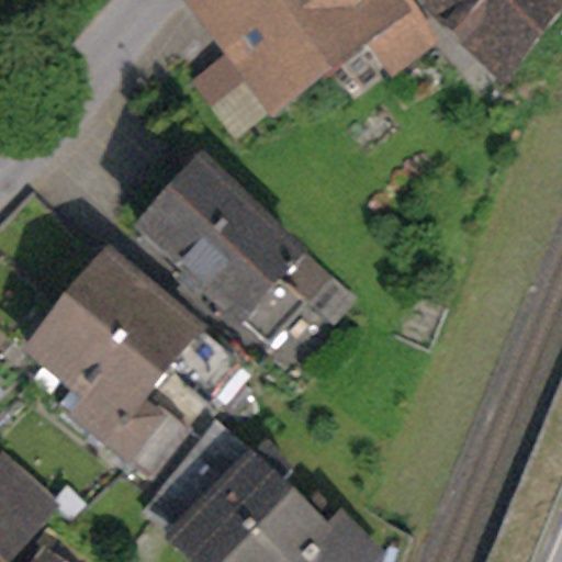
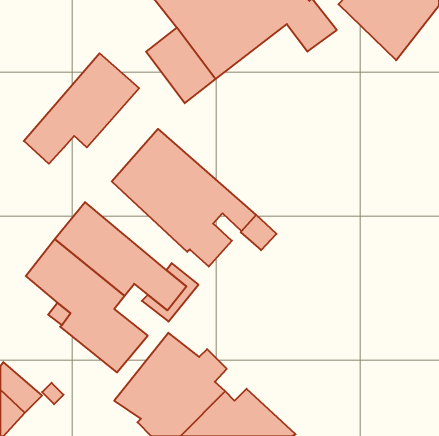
building: none -> [24,53,139,164]

